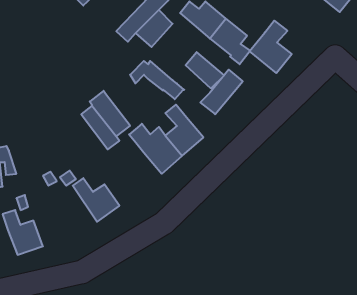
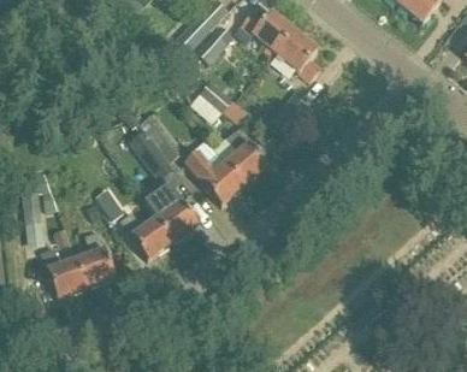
building: [250,21,292,73] -> none
building: [186,52,224,88] -> none
building: none -> [144,183,199,241]
building: none -> [76,230,116,287]

